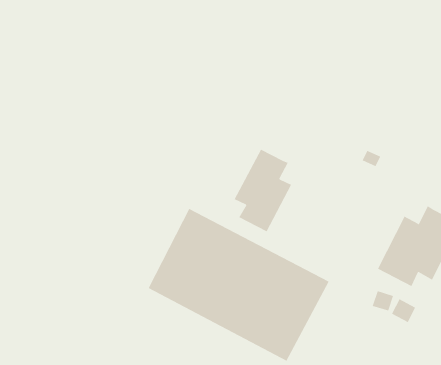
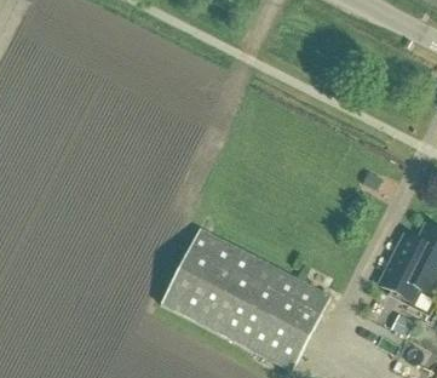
building: [234,149,292,232] -> none

